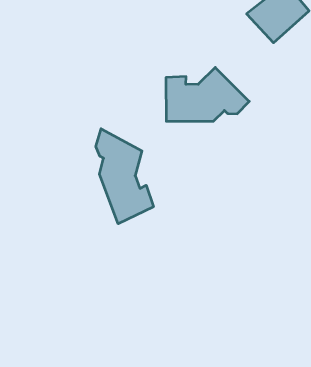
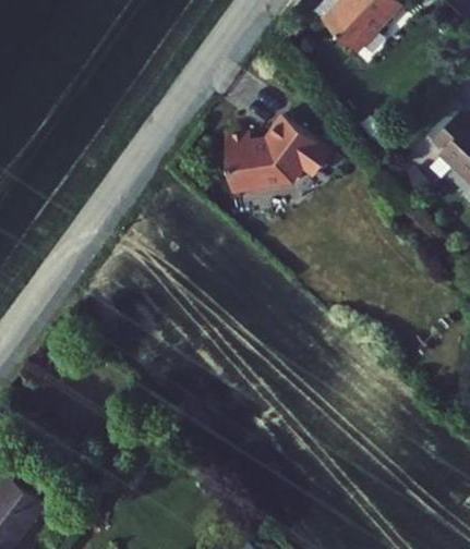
building: [96,129,153,224] -> none

